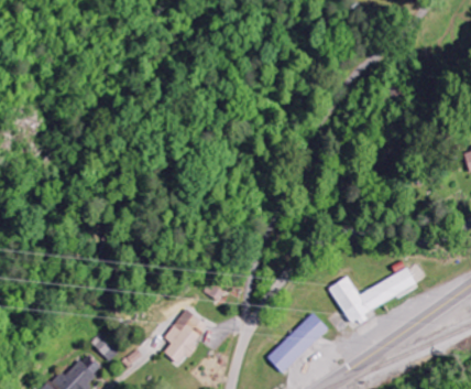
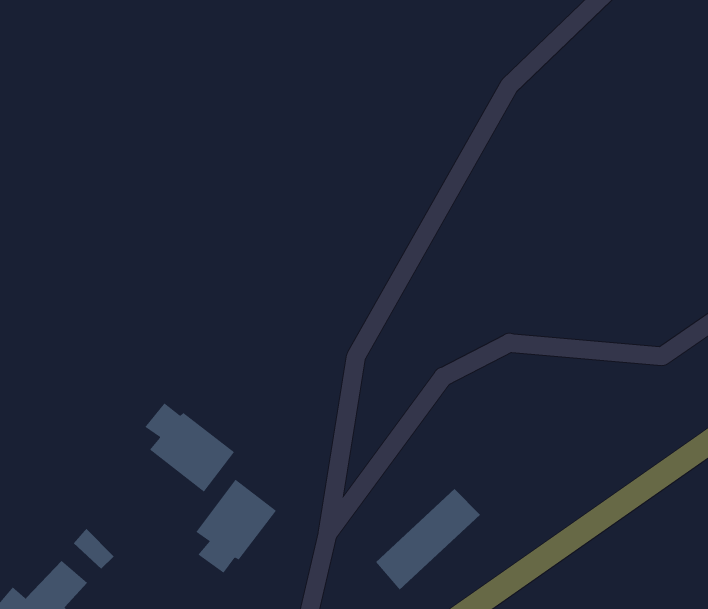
building: none -> [144,403,235,493]
building: [329,268,418,323] -> none

